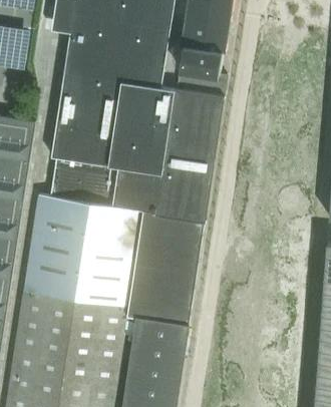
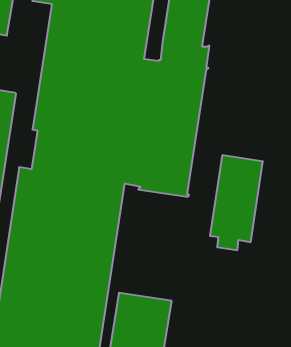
building: [144,223,197,316] -> [210,155,263,250]

